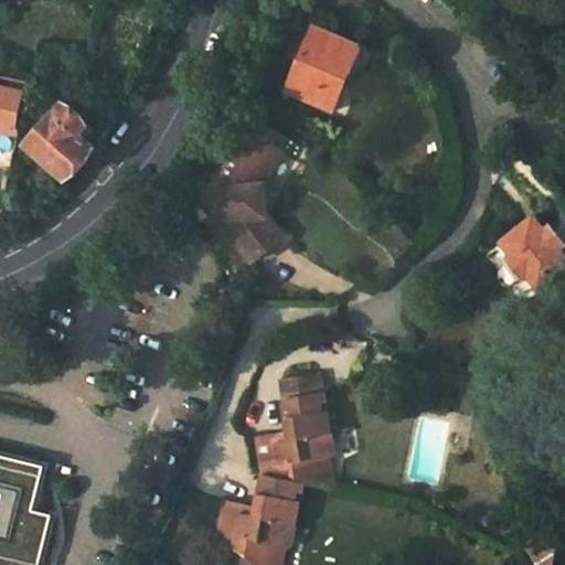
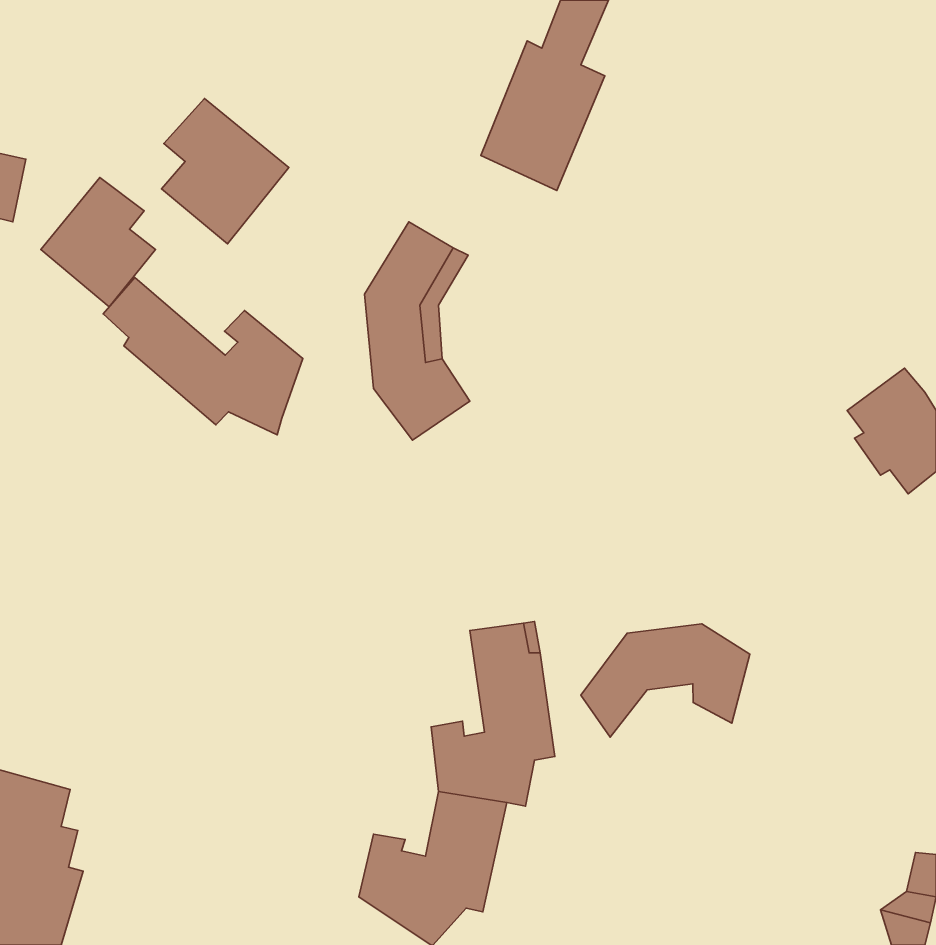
building: none -> [161,98,289,244]
building: none -> [103,278,303,435]
building: none -> [581,624,750,737]

